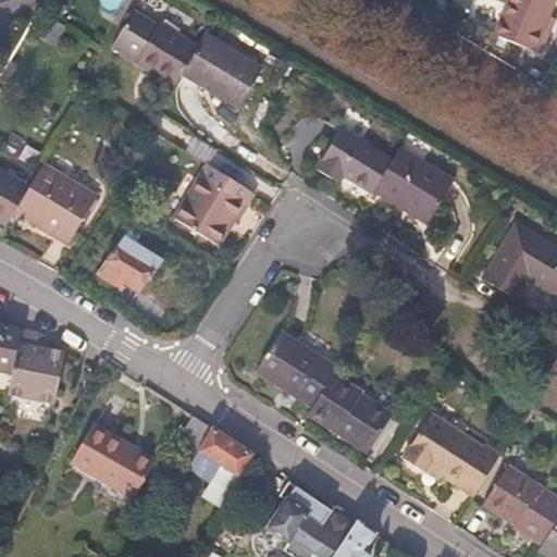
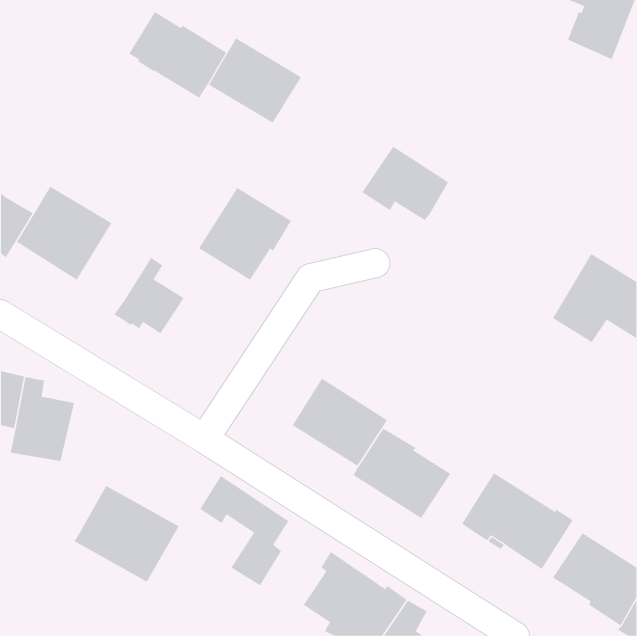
building: [375,146,455,223] -> none

